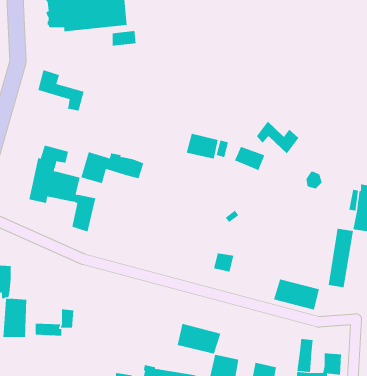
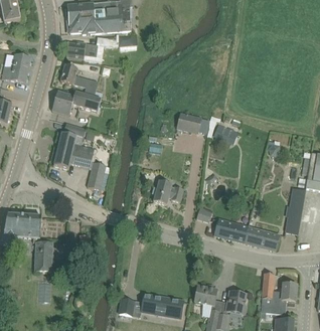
building: none -> [66,42,98,59]
building: [256,121,299,154] -> none
building: [81,151,144,184] -> [52,91,102,116]
building: none -> [152,180,184,204]
building: [177,323,221,354] -> [214,218,249,242]

